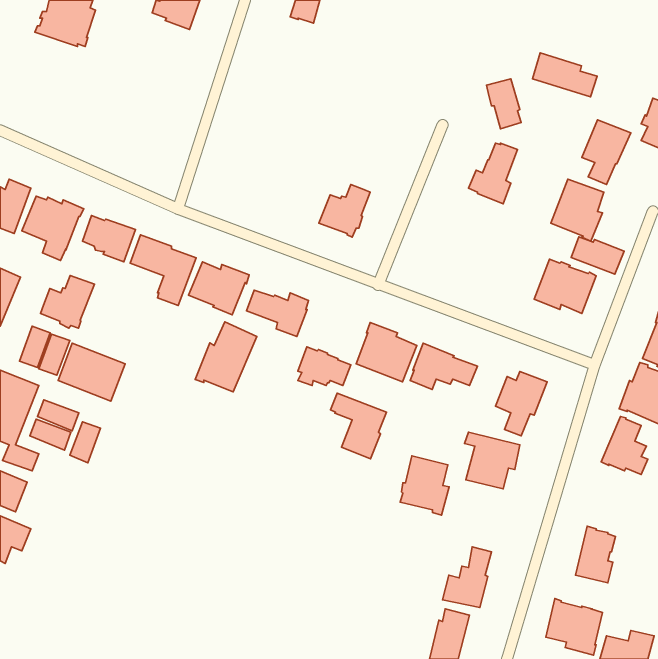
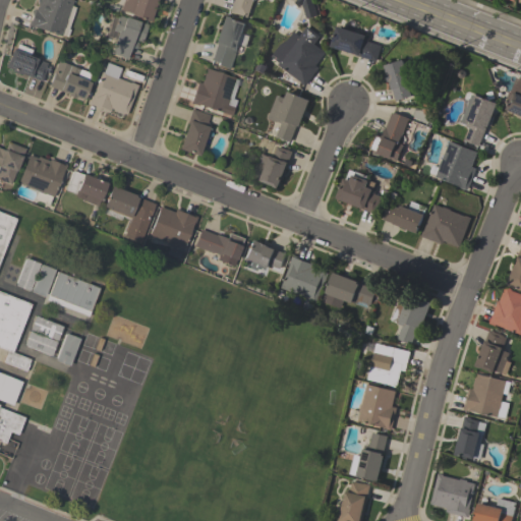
building: none -> [112,15,150,59]
building: none -> [212,17,249,70]
building: none -> [269,26,326,86]
building: [532,53,597,97] -> [331,27,382,62]
building: none -> [6,43,49,81]
building: none -> [49,60,92,100]
building: none -> [89,63,138,114]
building: none -> [192,69,239,115]
building: none -> [269,93,309,141]
building: none -> [180,109,211,155]
building: none -> [337,169,382,214]
building: [571,237,624,274] -> [384,202,425,232]
building: [40,275,94,328] -> none
building: [195,322,257,392] -> none
building: [298,347,351,385] -> [245,238,287,269]
building: [331,393,386,459] -> none
building: [400,456,449,515] -> [359,383,398,429]
building: none -> [464,373,511,418]

